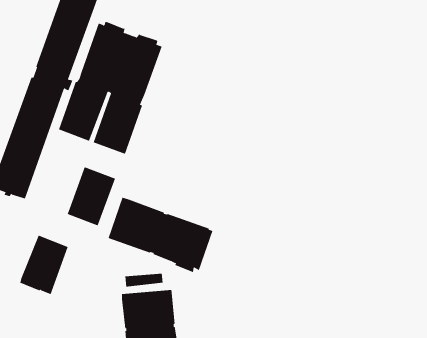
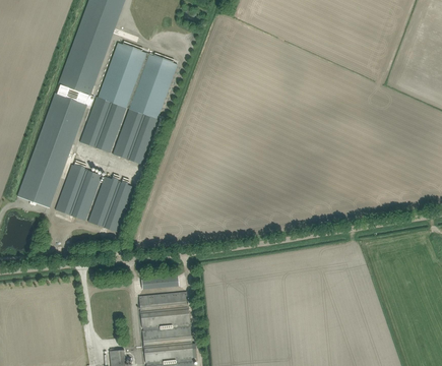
building: [108,197,213,273] -> none
building: [20,235,69,295] -> [56,164,102,220]

